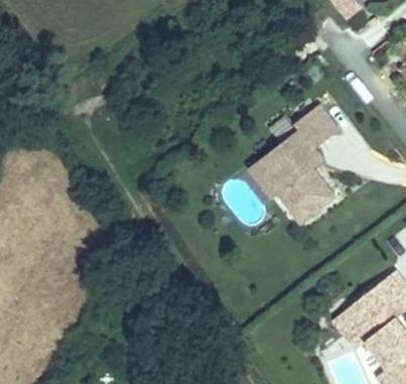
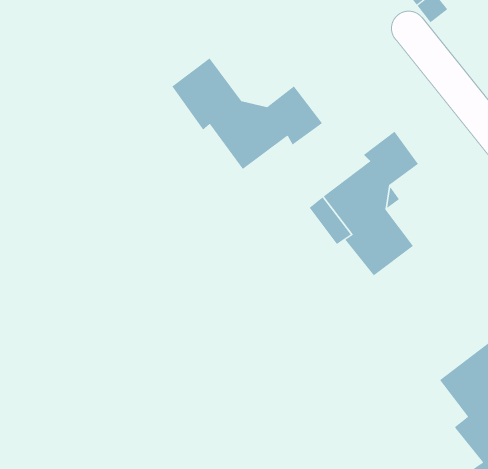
building: none -> [171,57,323,170]
building: [334,304,376,350] -> none

